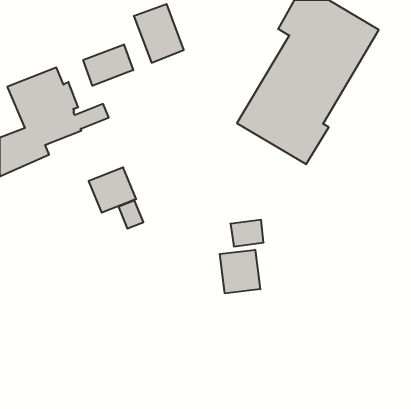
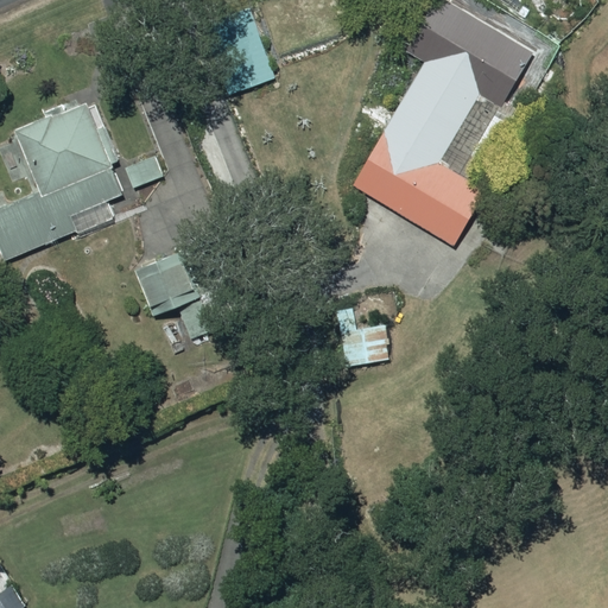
building: [83,44,133,86] -> none
building: [220,250,260,293] -> none

